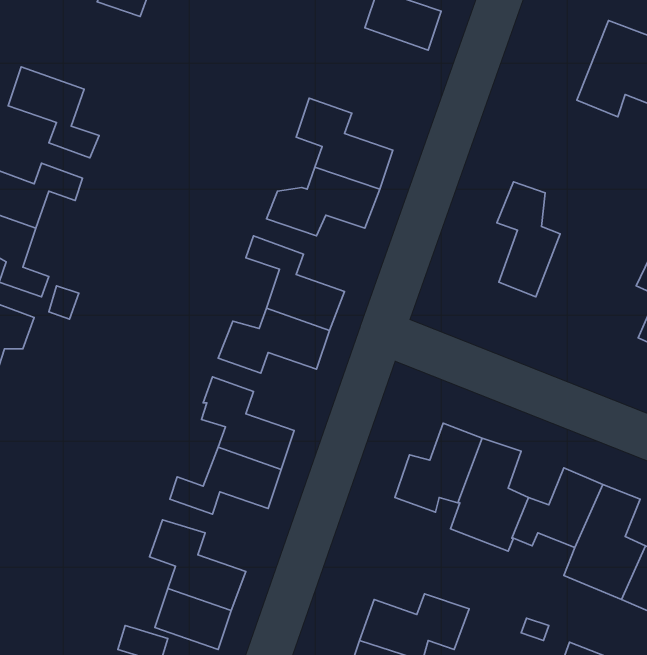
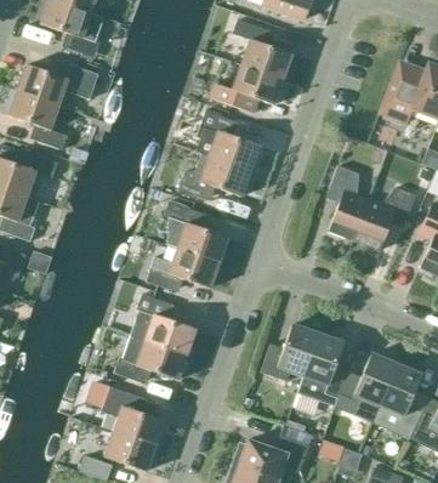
building: none -> [17,61,98,104]
building: none -> [210,64,283,113]
building: none -> [353,187,416,250]

